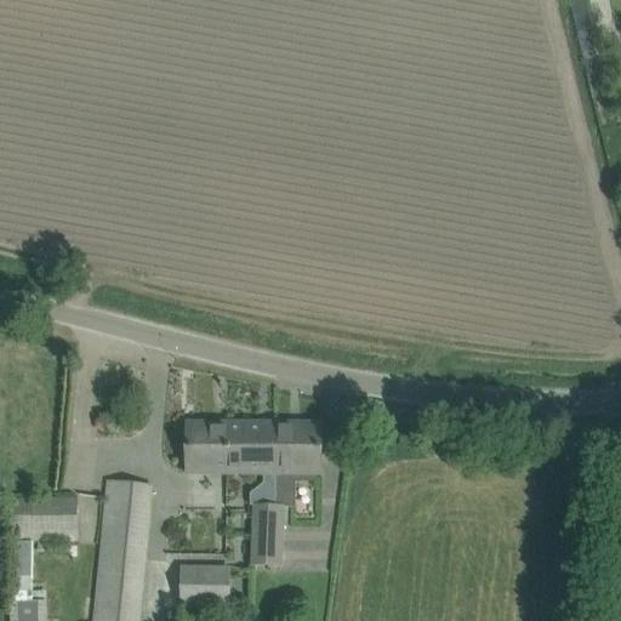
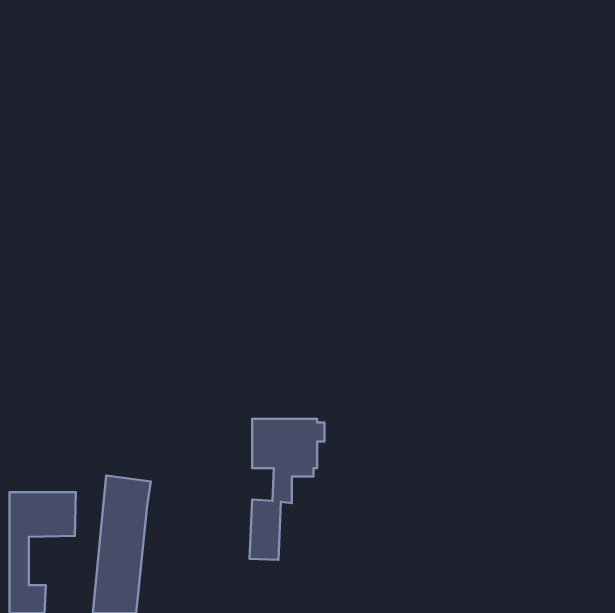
building: [187,421,253,471] -> none
building: [180,564,229,609] -> none

